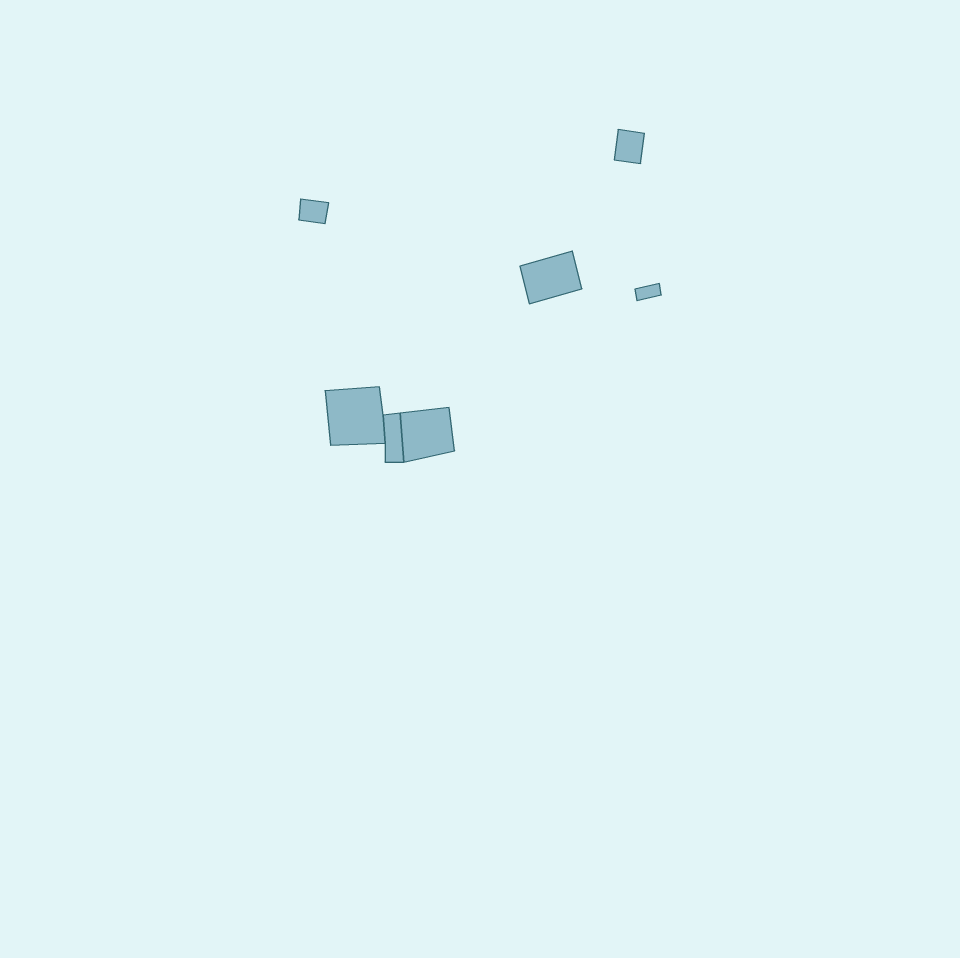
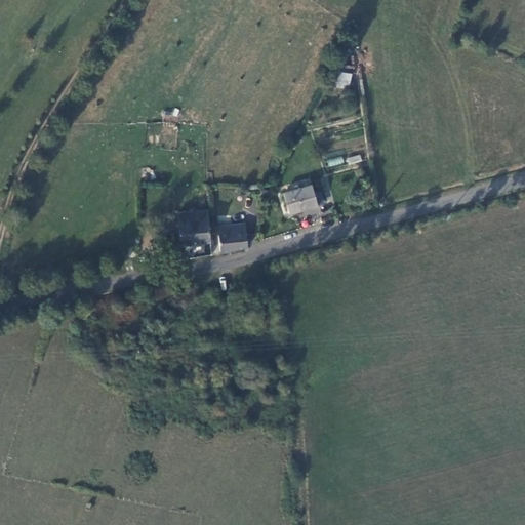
building: [520,251,582,304] -> [284,186,318,214]

